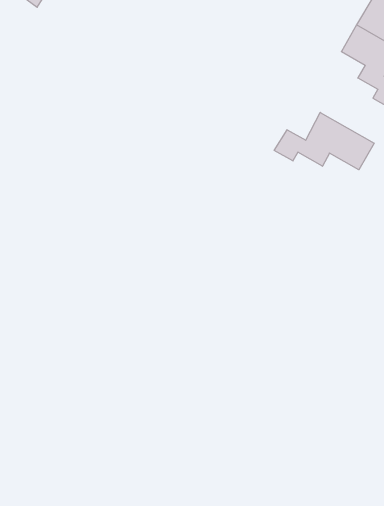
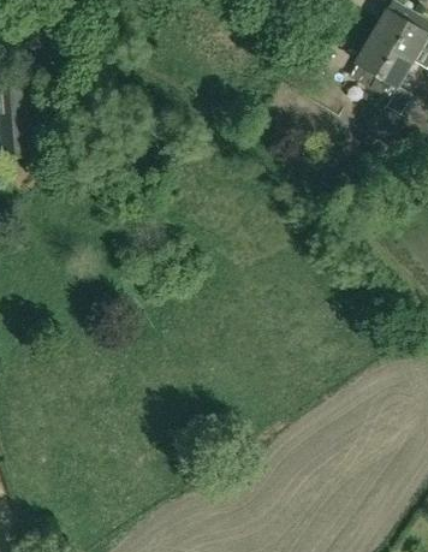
building: [274,112,374,170] -> none

